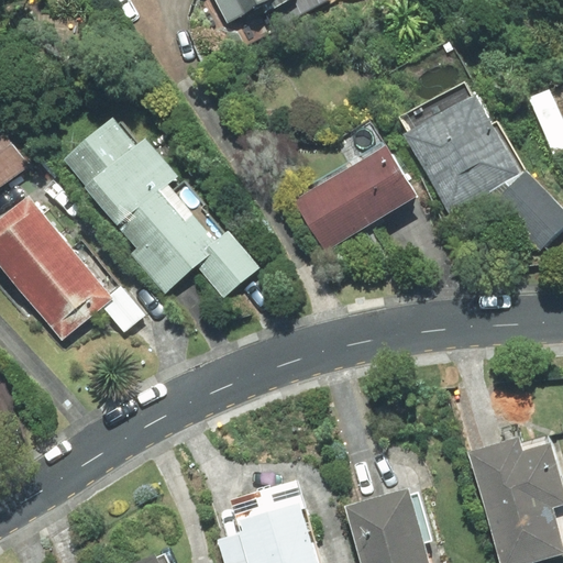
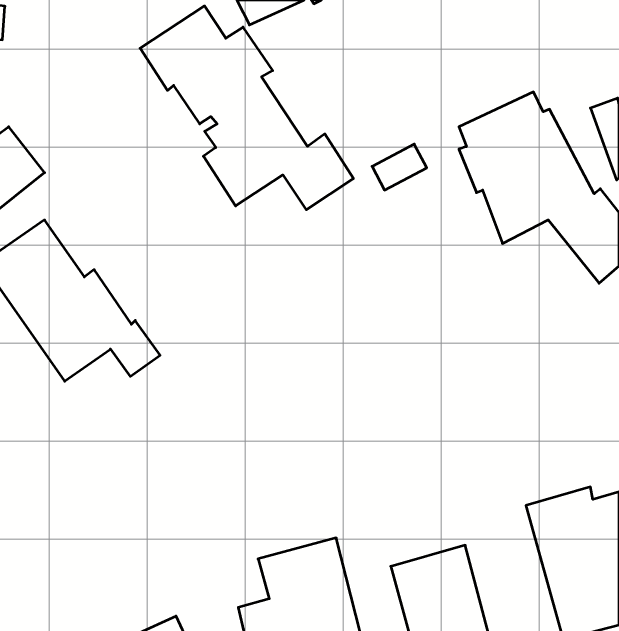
building: [67,122,256,302] -> [140,6,353,210]
building: [298,148,421,251] -> none

